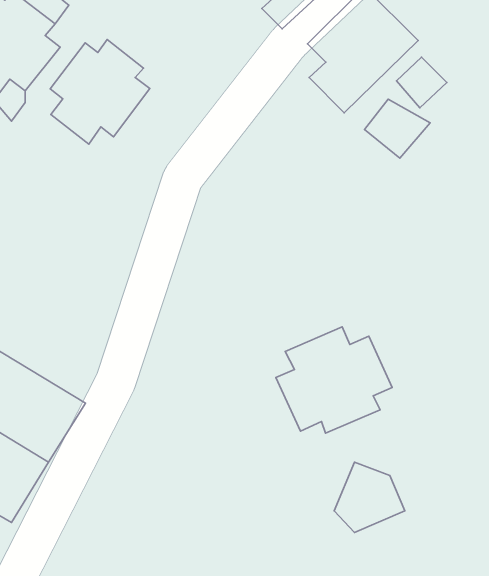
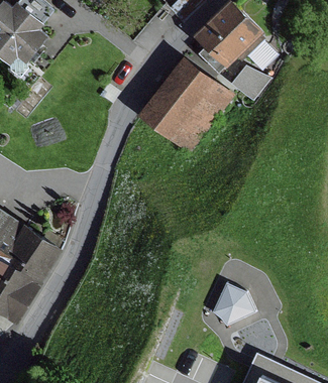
building: [50,40,150,144] -> none
building: none -> [139,58,231,152]
building: [276,327,392,433] -> none

